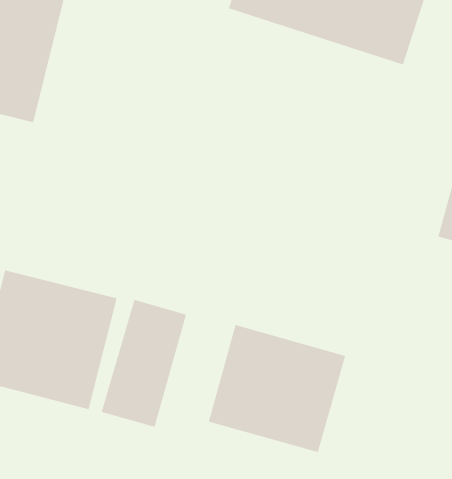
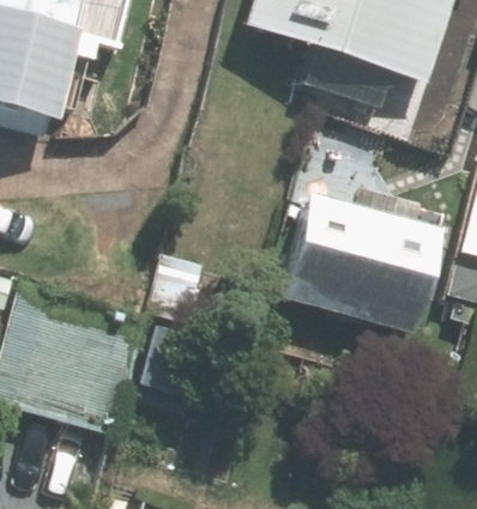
building: none -> [284,189,448,335]
building: [208,324,346,453] -> none

